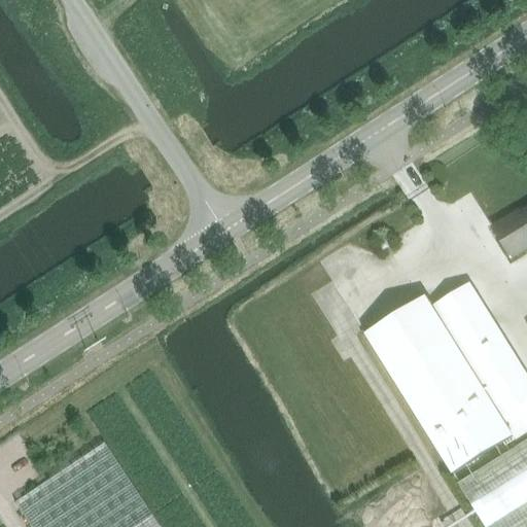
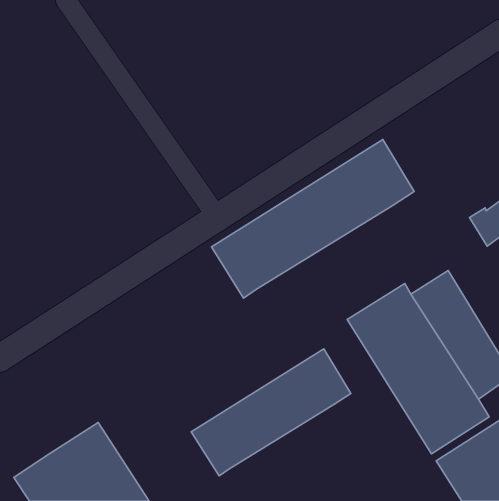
building: none -> [212,139,414,298]
building: none -> [191,349,351,476]

